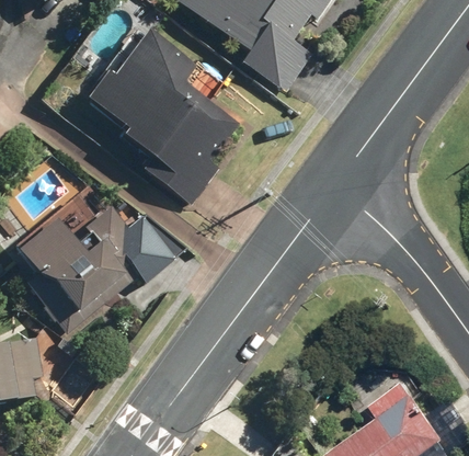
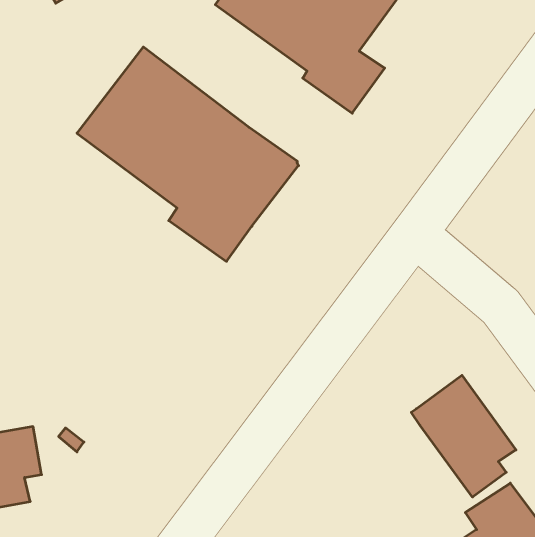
building: [21,201,157,329] -> none
building: none -> [411,375,516,497]

